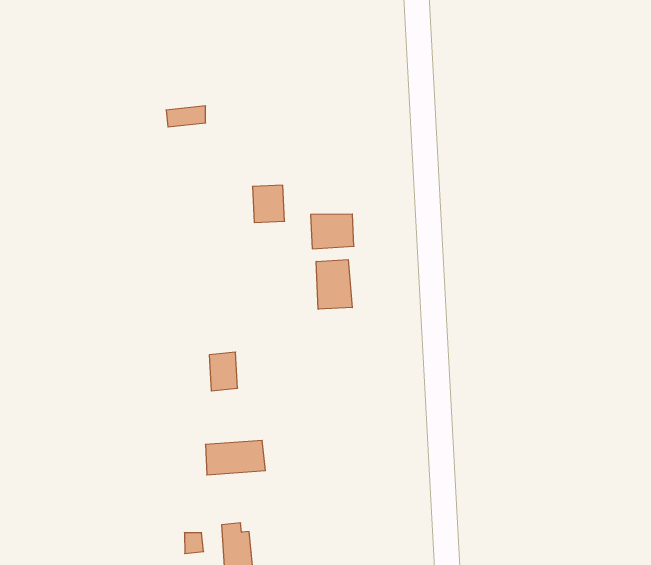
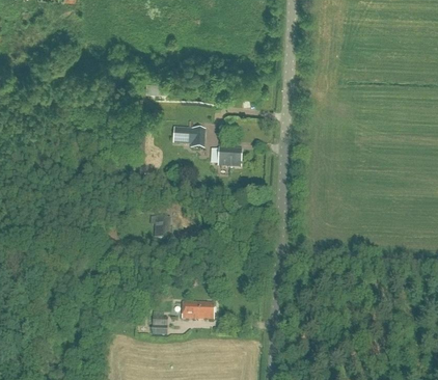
building: [316,260,352,309] -> none
building: [205,440,265,475] -> [182,301,214,319]

